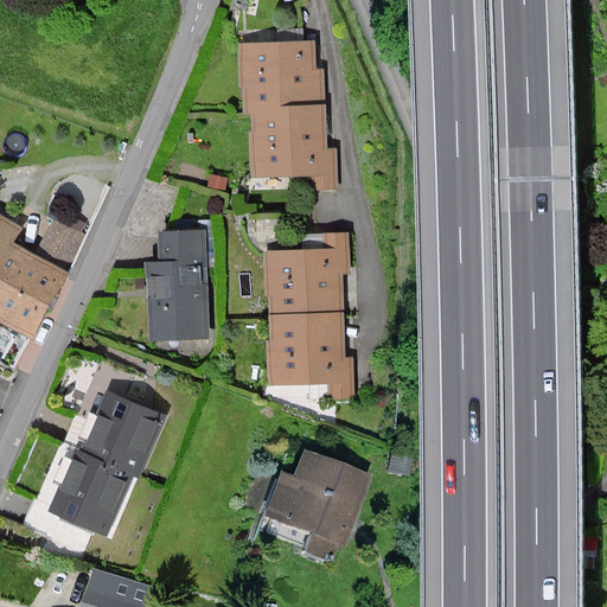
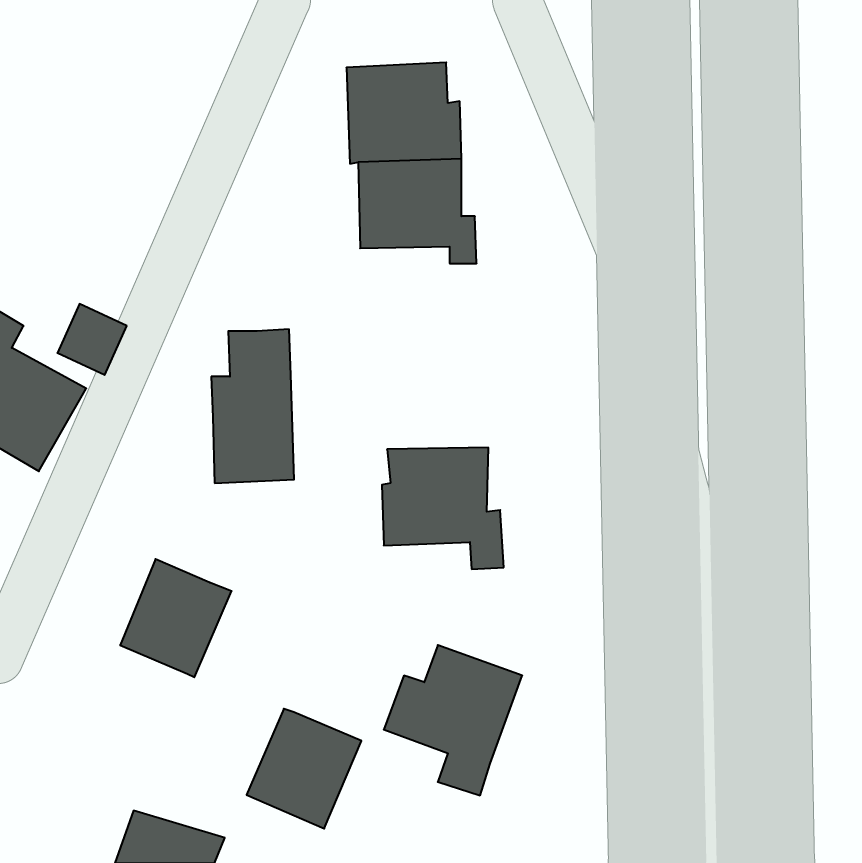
building: [267,234,349,315] -> none
building: [51,451,132,535] -> [247,709,361,829]

